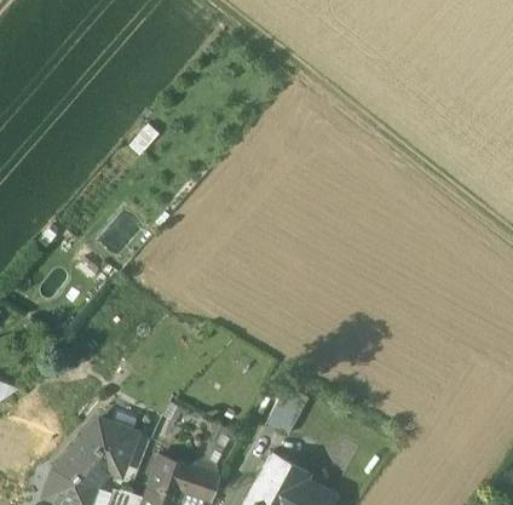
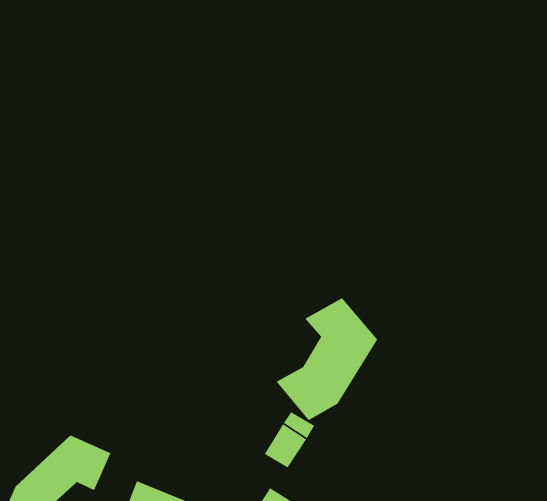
building: none -> [275,297,378,421]

